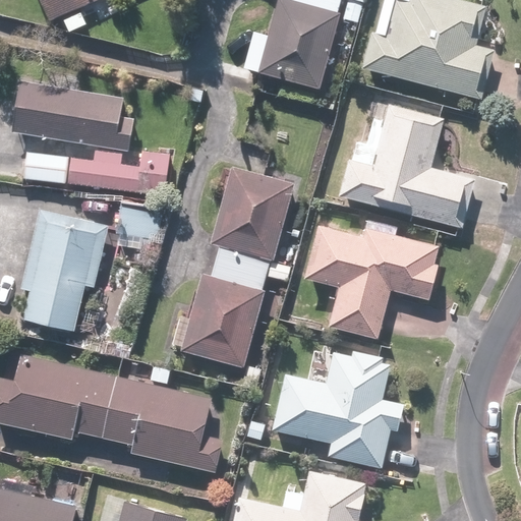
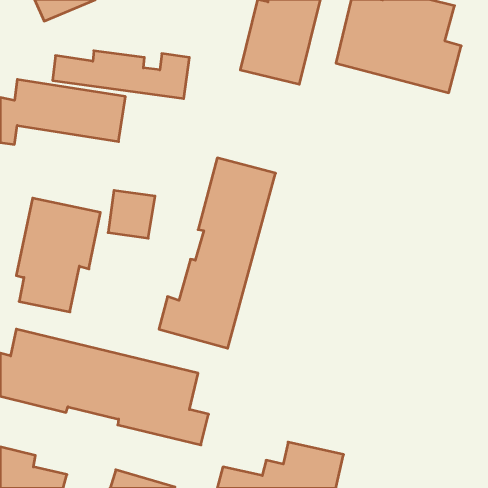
building: [338,107,471,228] -> none
building: [24,146,170,196] -> [53,51,189,99]
building: [302,216,442,339] -> none
building: [274,353,404,468] -> none

